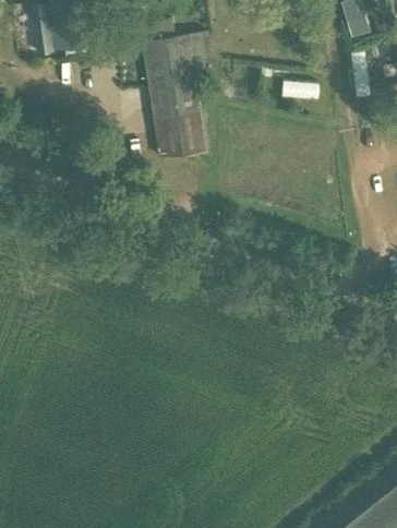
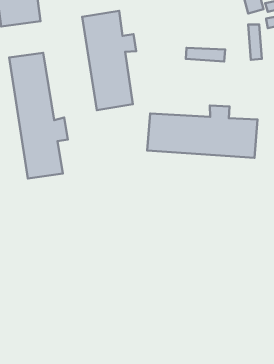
building: none -> [9,53,68,178]
building: none -> [147,105,257,158]

